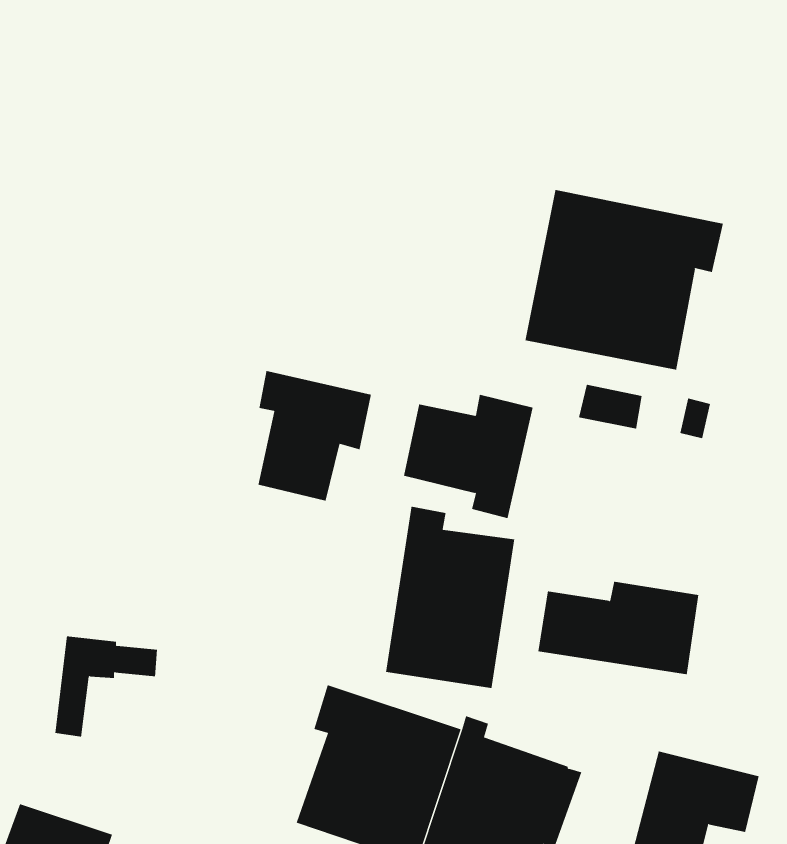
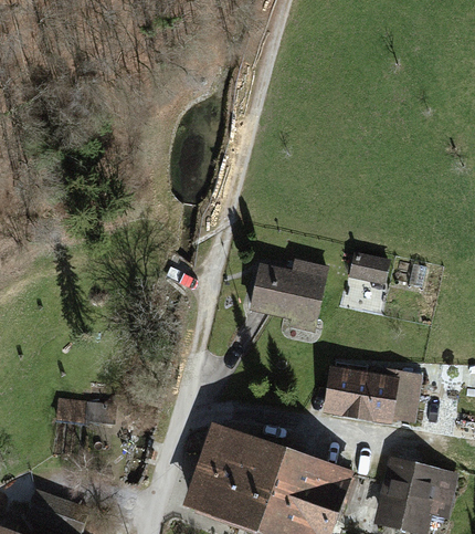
building: [525,189,724,370] -> none
building: [258,370,371,502] -> none
building: [385,506,515,689] -> none

